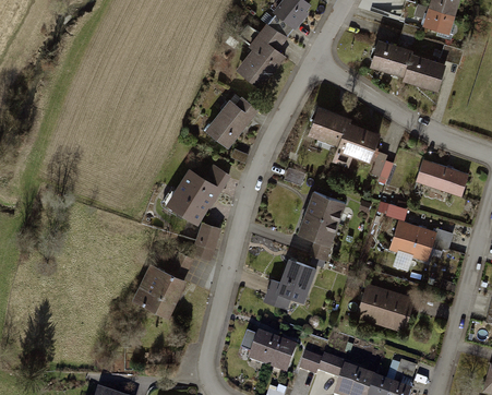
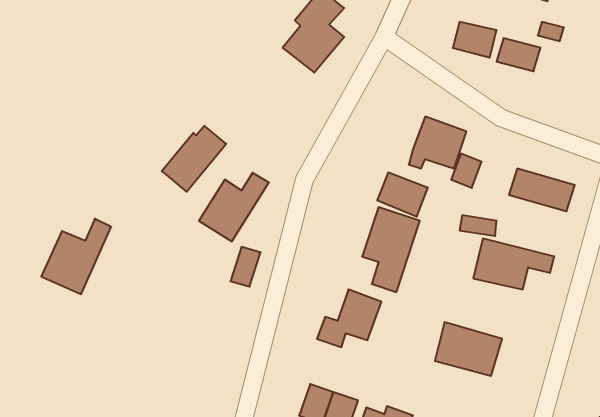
building: [207,95,259,147] -> [162,126,226,192]
building: [309,110,349,145] -> [377,173,428,217]
building: [134,252,190,312] -> [41,219,111,294]

